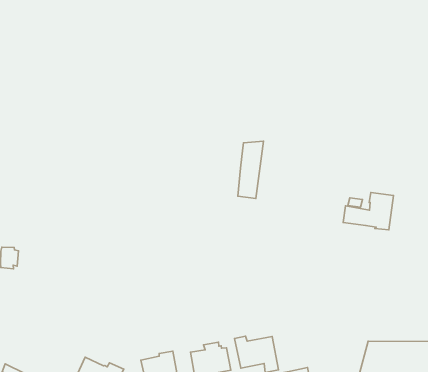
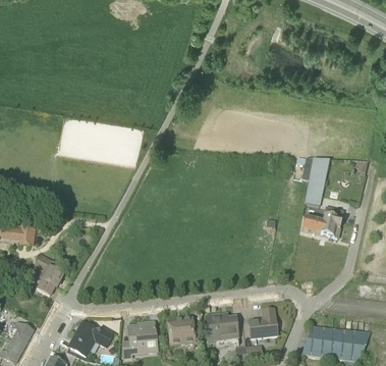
building: [238,141,264,198] -> [304,159,328,205]
building: none -> [34,254,62,286]
building: none -> [247,308,275,336]

